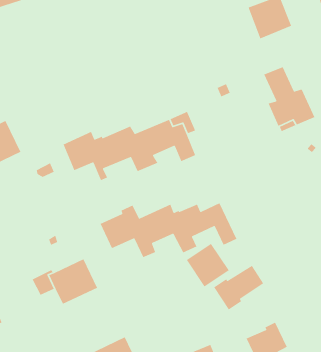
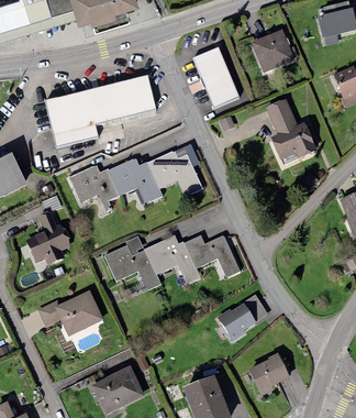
building: none -> [191,46,240,109]
building: none -> [44,75,156,149]
building: none -> [25,211,70,265]
building: [186,243,230,288] -> none

